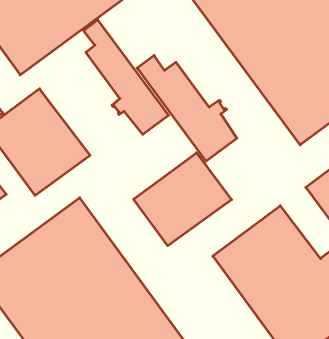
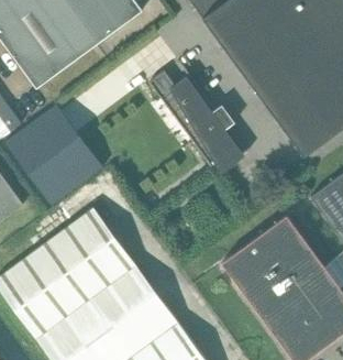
building: [83,20,169,134] -> none
building: [134,153,232,246] -> none

